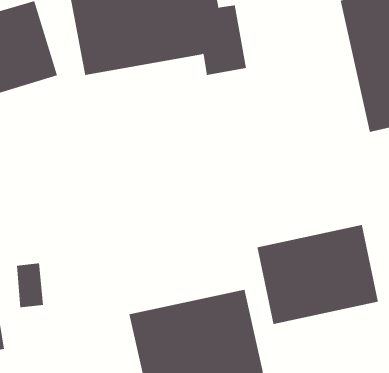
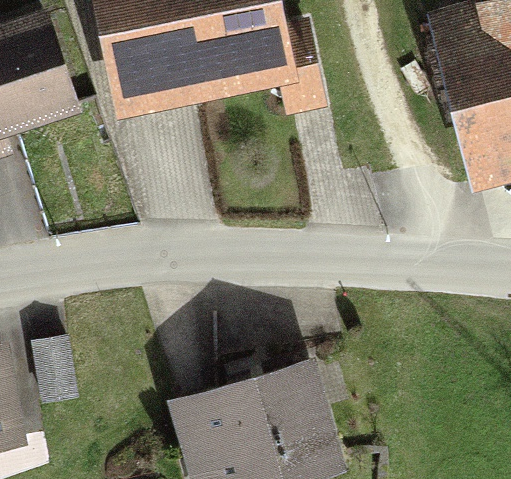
building: [257,224,379,325] -> none

